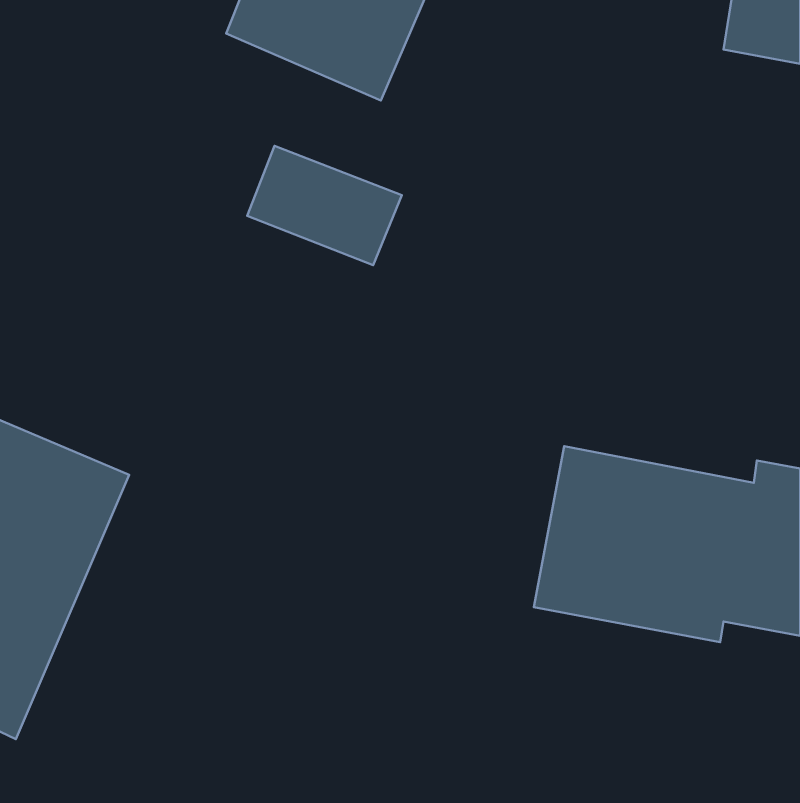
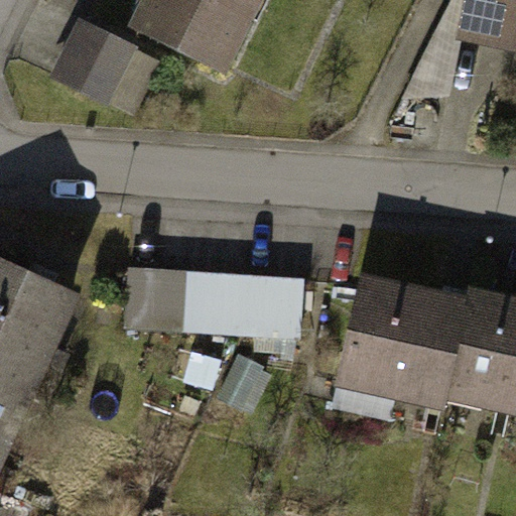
building: [247,146,402,265] -> [57,31,155,107]
building: none -> [116,268,297,335]

